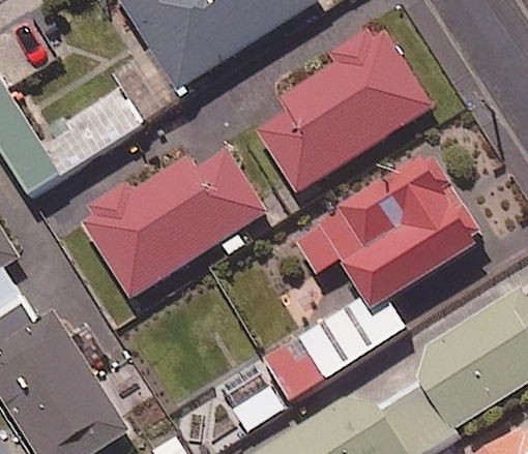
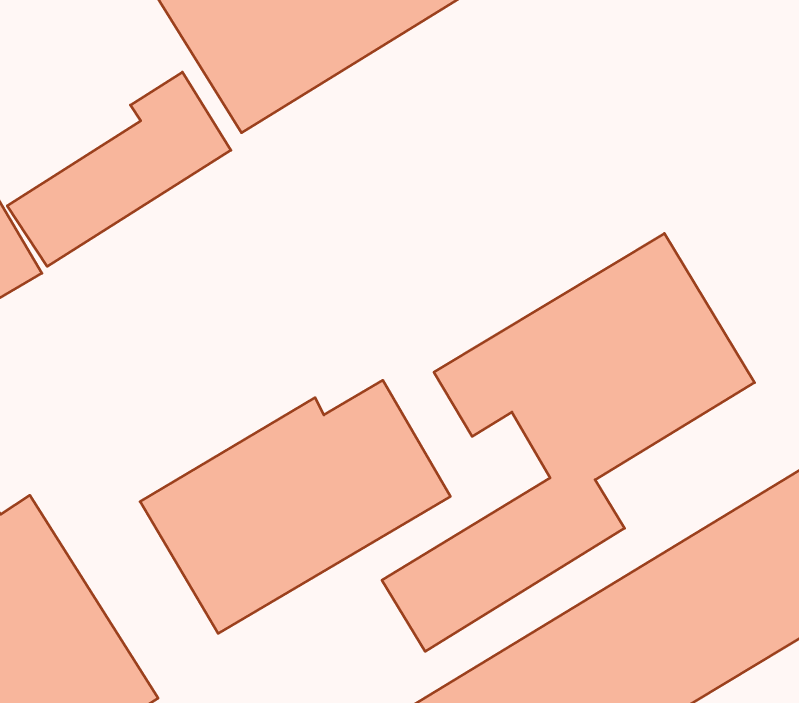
building: [247,23,432,192] -> none
building: [81,145,266,296] -> [140,380,450,633]

